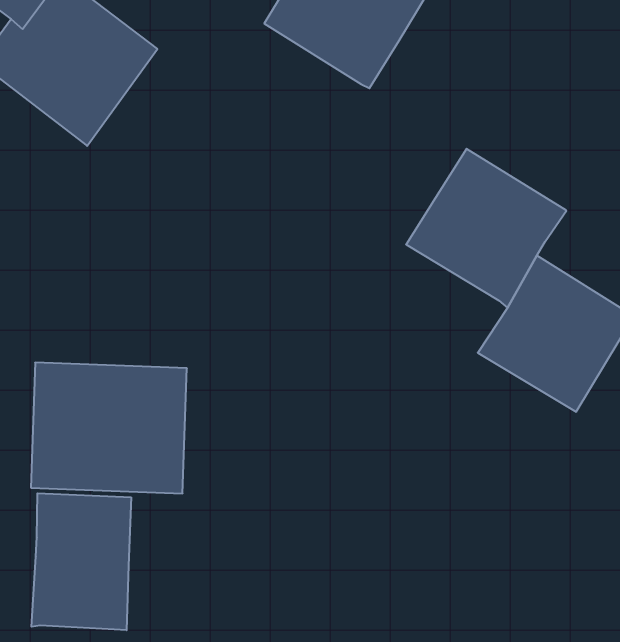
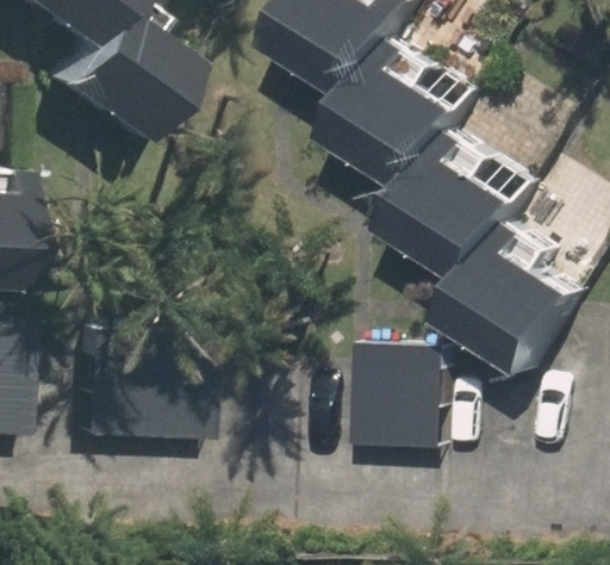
building: none -> [331,51,465,185]
building: none -> [360,341,450,448]
building: [31,493,131,630] -> none

